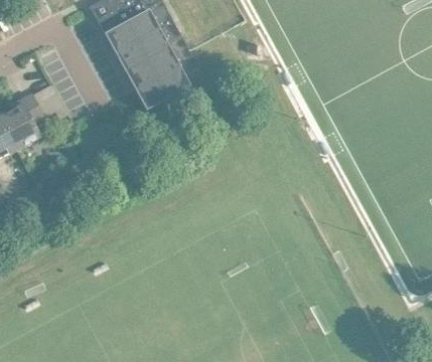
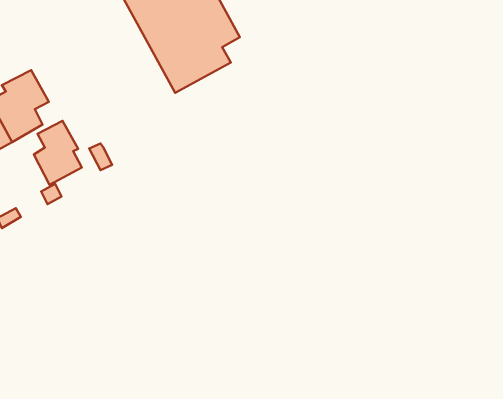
building: none -> [34,121,82,185]

